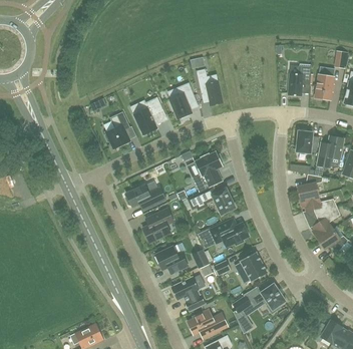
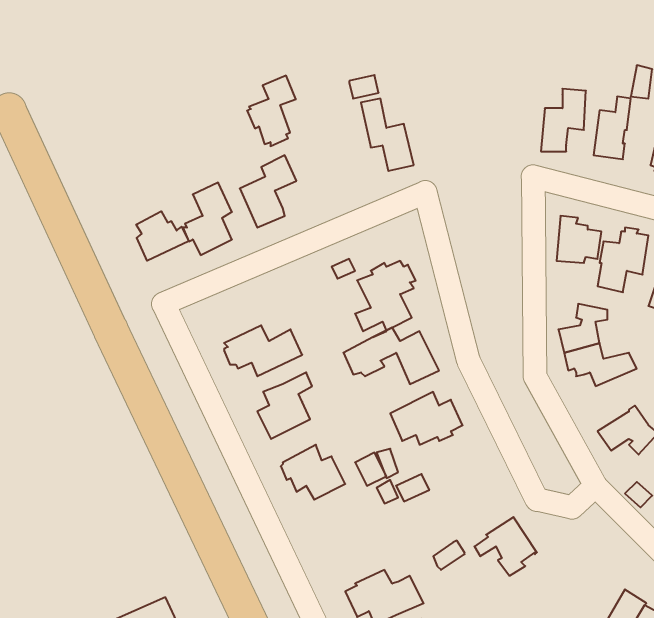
building: [168,83,194,119] -> [247,76,296,146]
building: none -> [136,211,189,261]
building: [312,207,340,239] -> none
building: [240,252,267,281] -> none
building: [170,277,205,311] -> none

